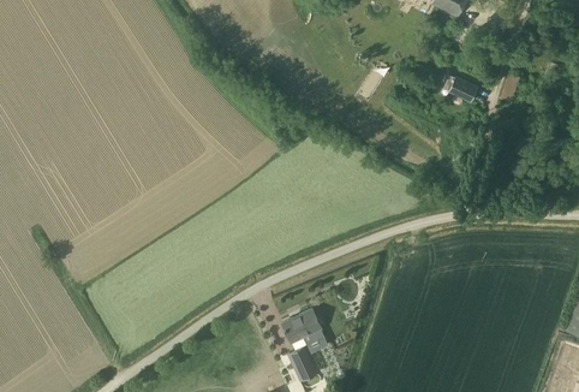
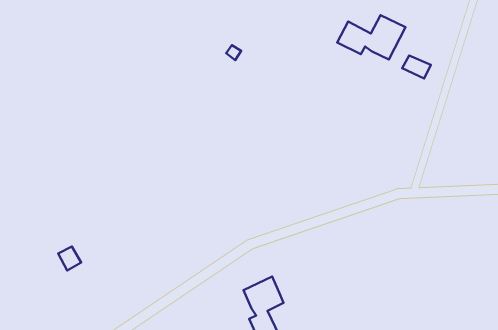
building: none -> [337,15,405,60]

